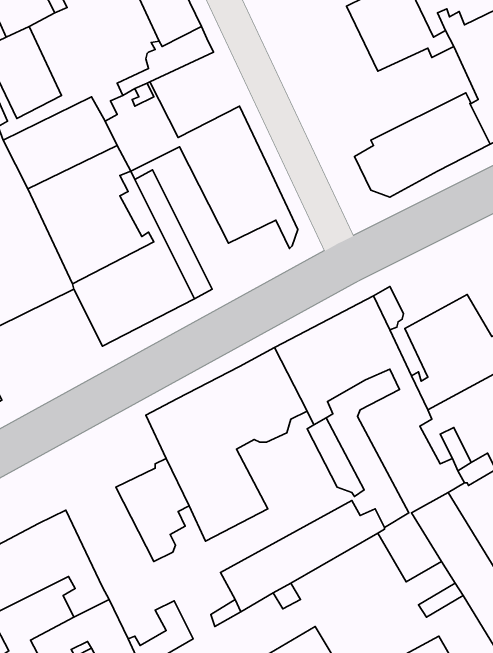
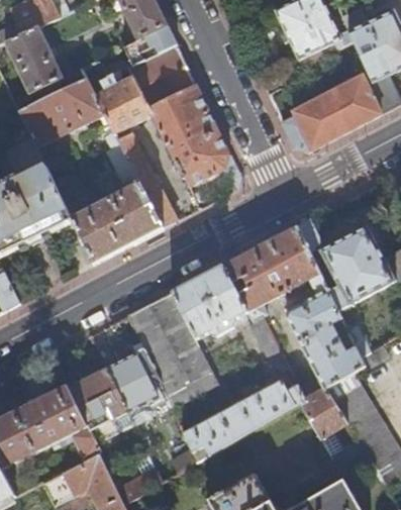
building: none -> [129,43,196,107]
building: none -> [67,368,132,442]

